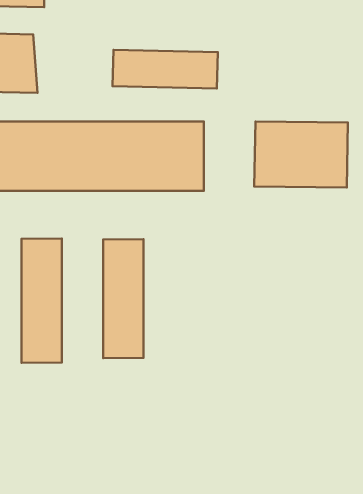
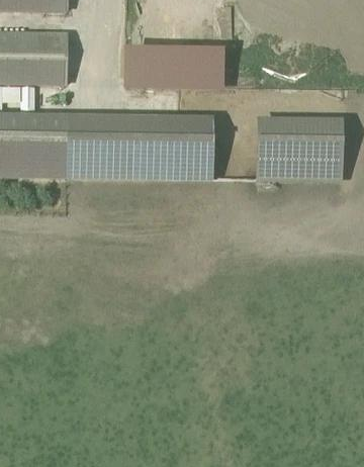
building: [22,238,62,363] -> none
building: [103,239,144,358] -> none

